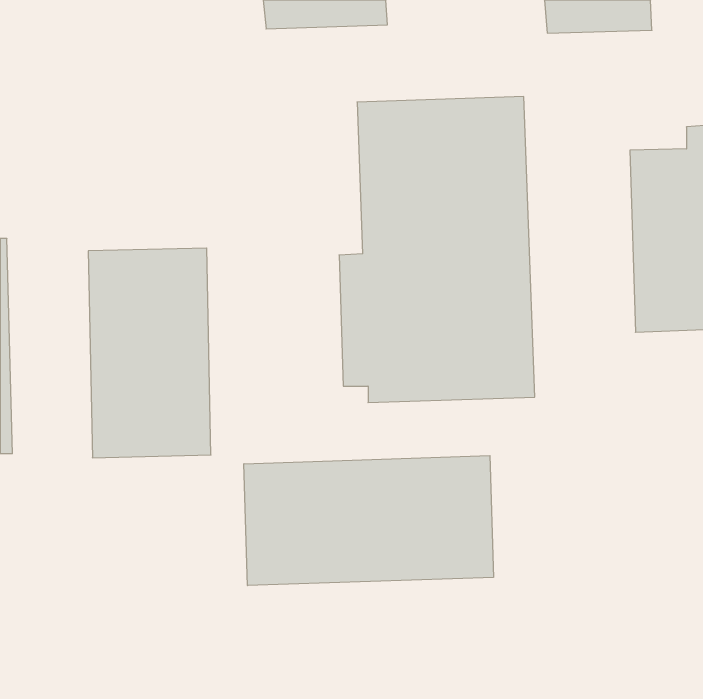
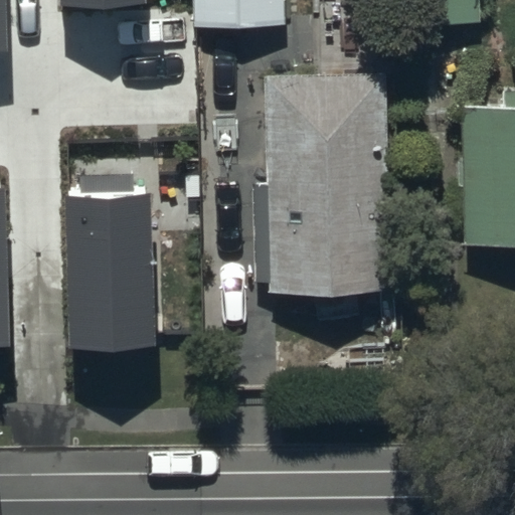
building: [244,456,493,586] -> none

